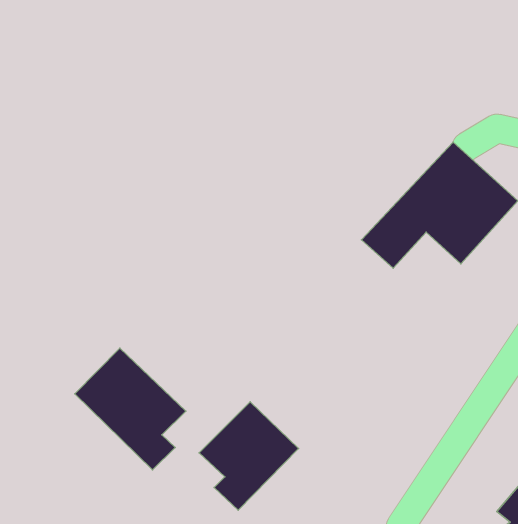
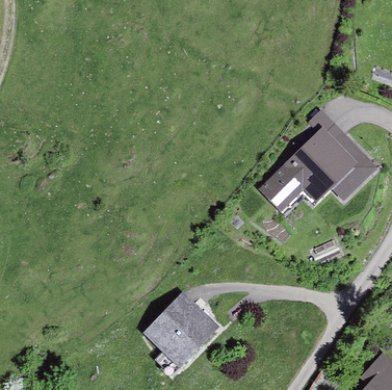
building: [75,348,186,470] -> none

